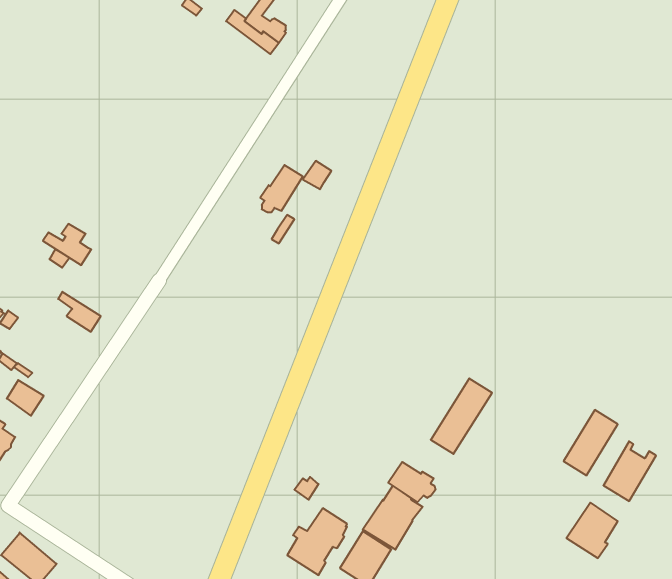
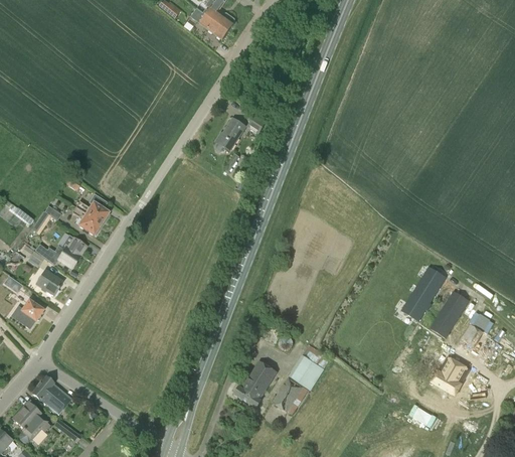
building: [43,224,91,265] -> [75,195,110,224]
building: none -> [53,239,84,268]
building: [431,378,492,454] -> [401,268,445,321]
building: [388,462,436,502] -> none

